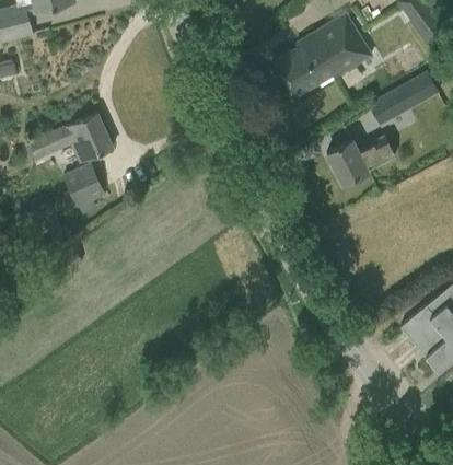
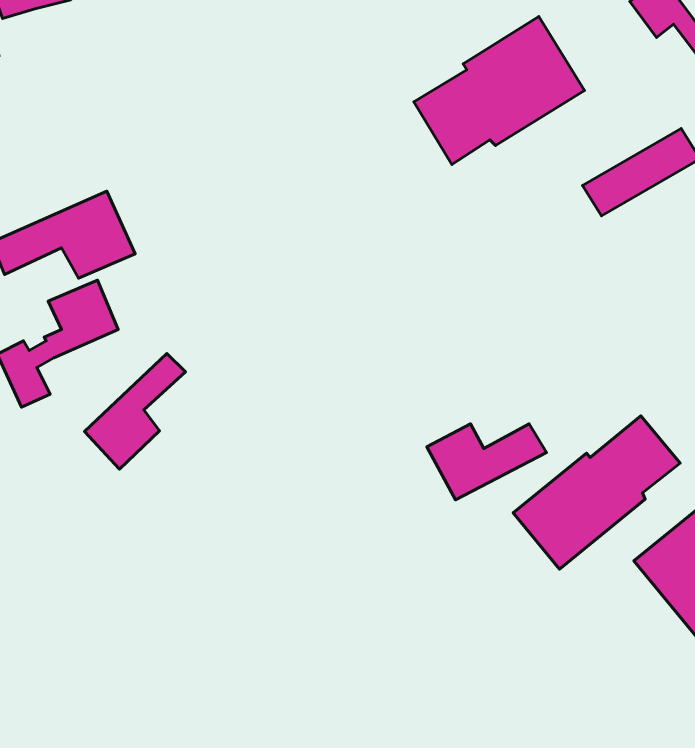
building: [325,140,394,184] -> [427,424,546,500]
building: none -> [84,353,185,469]
building: none -> [513,416,680,569]

